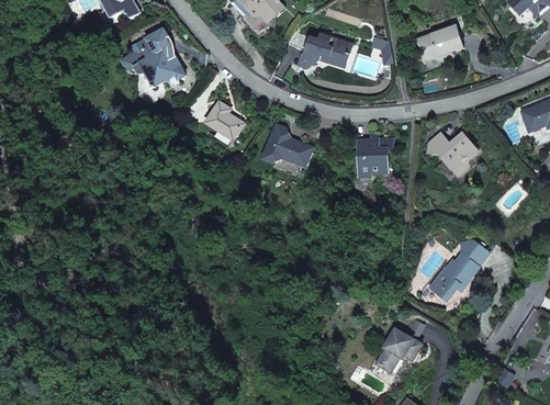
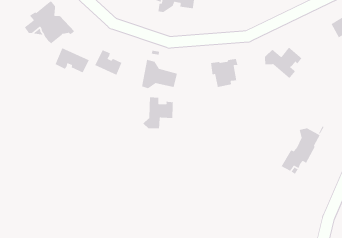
building: none -> [54,47,90,74]
building: none -> [143,96,174,129]
building: [375,329,422,372] -> none

